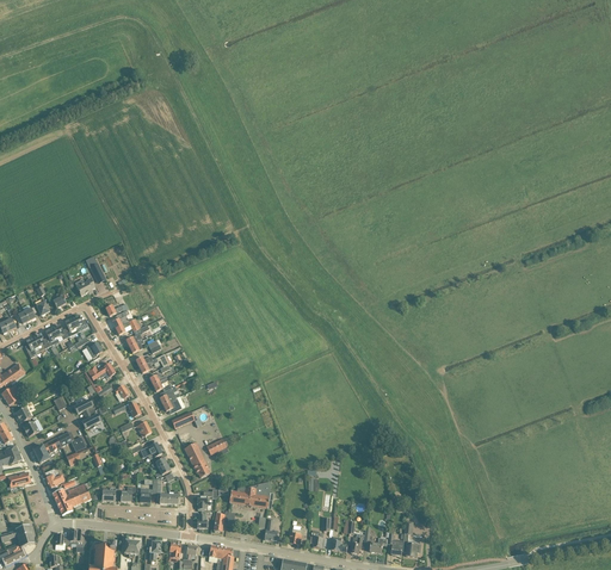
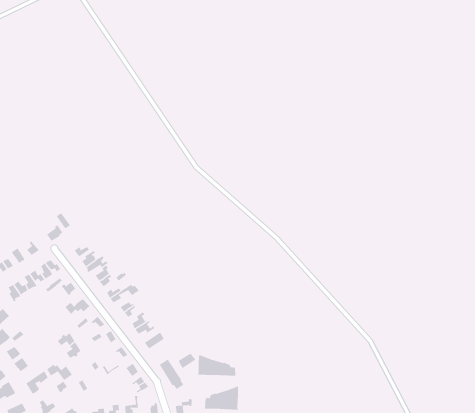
building: none -> [197,354,236,376]

